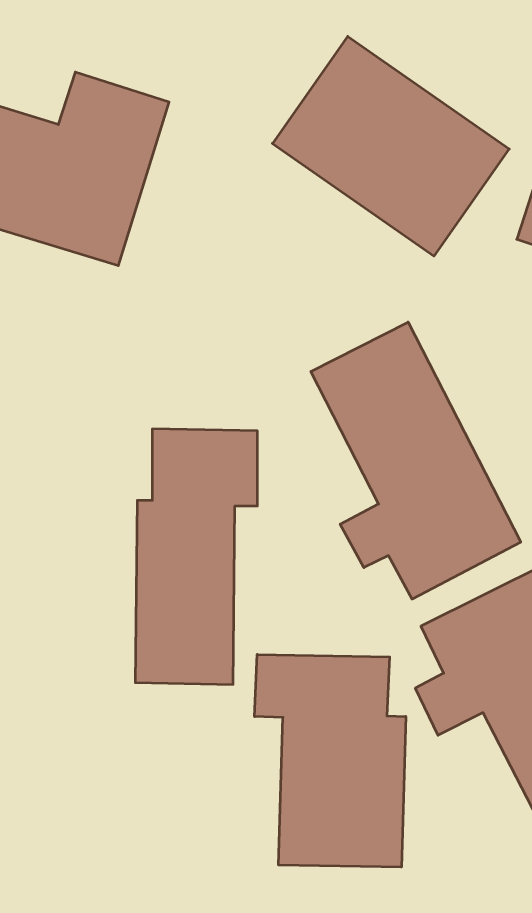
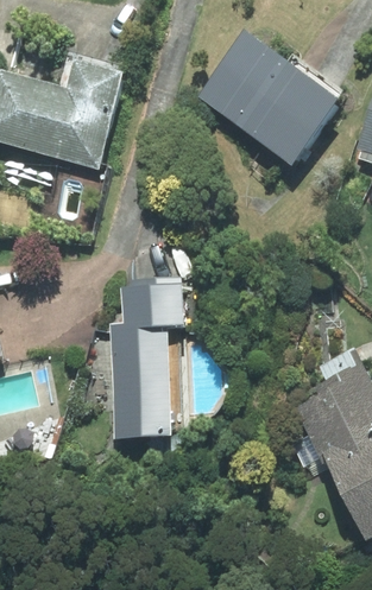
building: [311,322,521,599] -> none
building: [255,654,406,867] -> none

